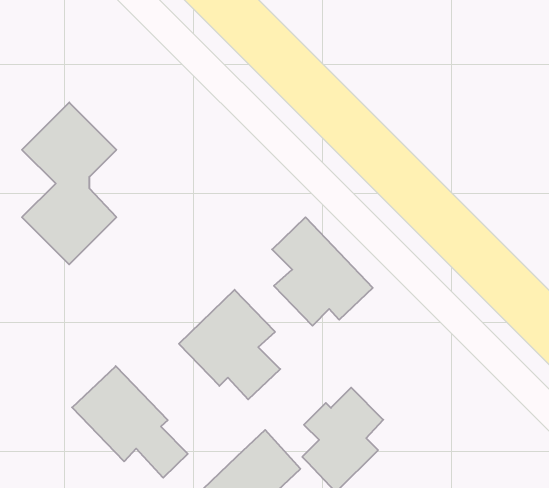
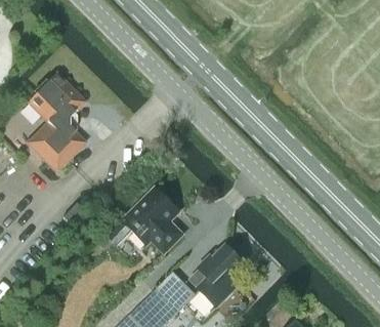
building: [272,217,373,326] -> none
building: [72,366,188,478] -> none

